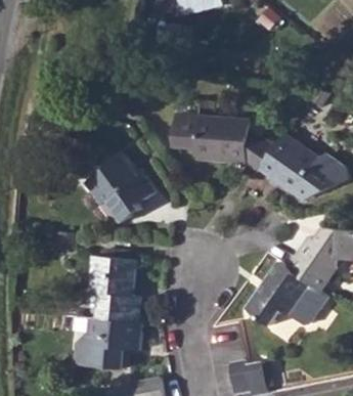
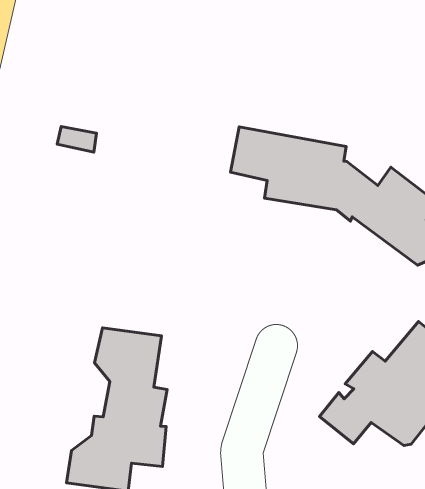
building: [85,157,155,222] -> none

